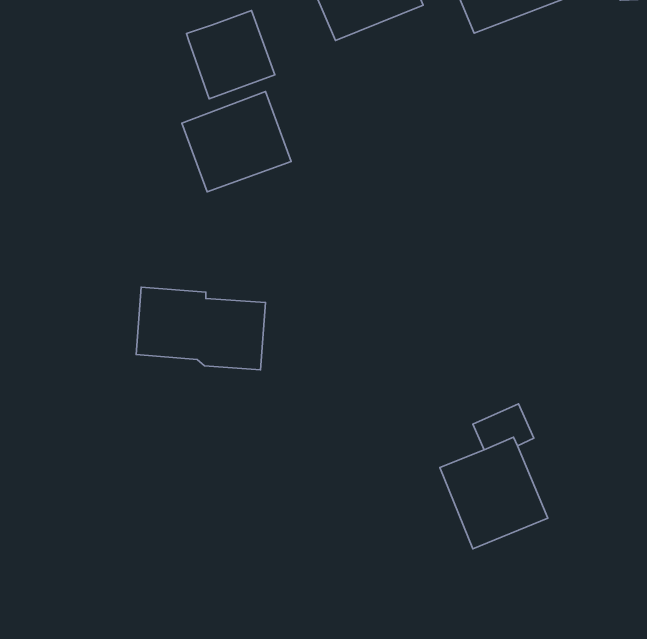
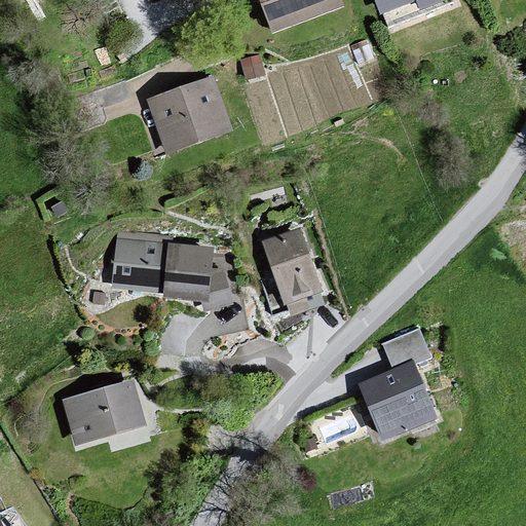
building: [186,10,275,99] -> none
building: none -> [260,226,322,315]
building: none -> [60,378,148,448]

